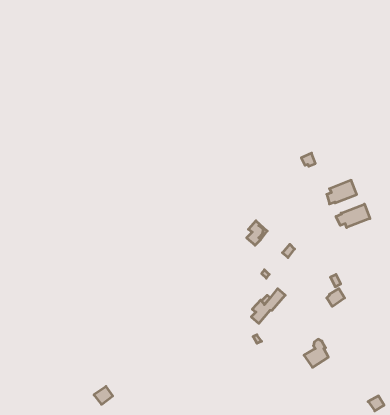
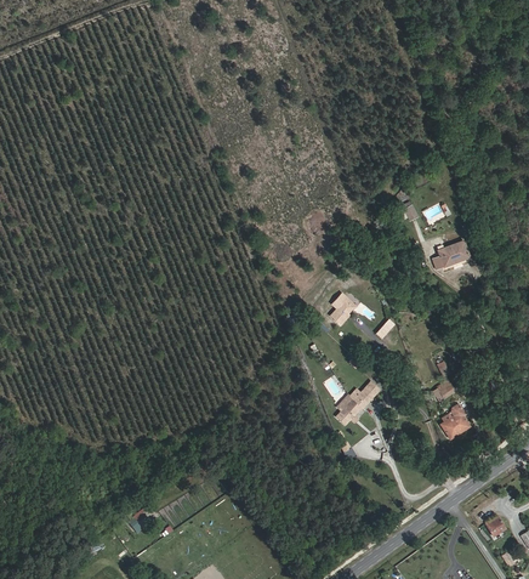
building: [336,204,370,228] -> none
building: [304,339,328,367] -> [438,403,470,439]

